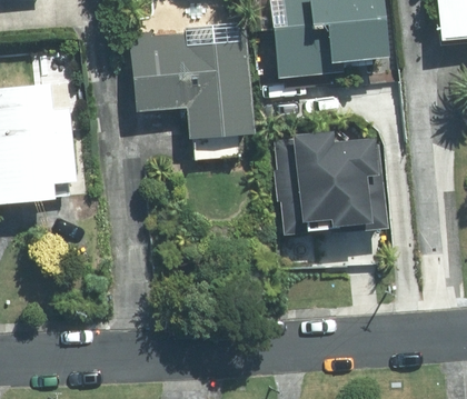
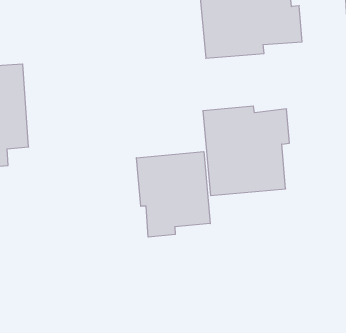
building: [132,26,252,159] -> none
building: none -> [136,152,210,237]

